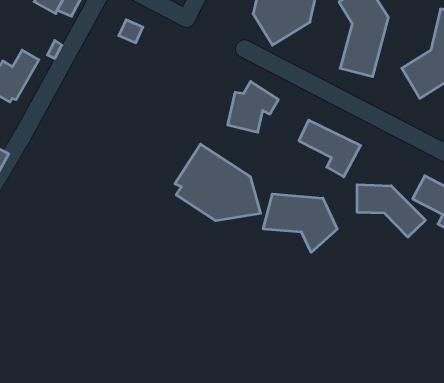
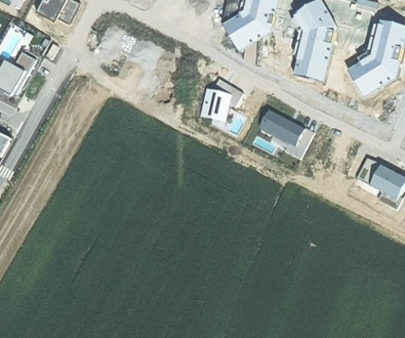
building: [175,144,261,221] -> none
building: [357,185,425,237] -> none
building: [263,194,337,252] -> none

